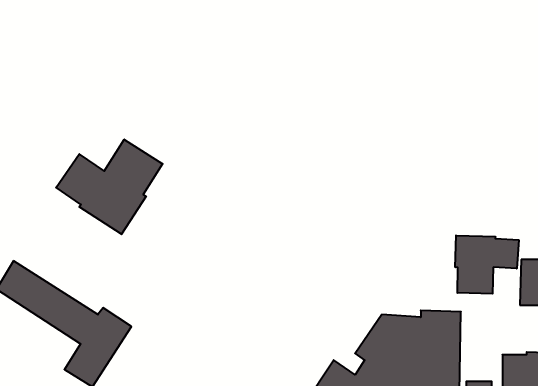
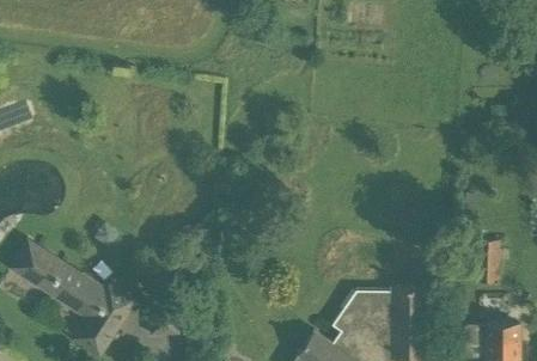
building: [56,139,163,234] -> none
building: [455,235,519,294] -> none

